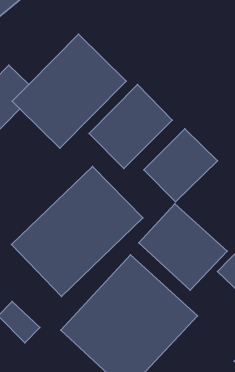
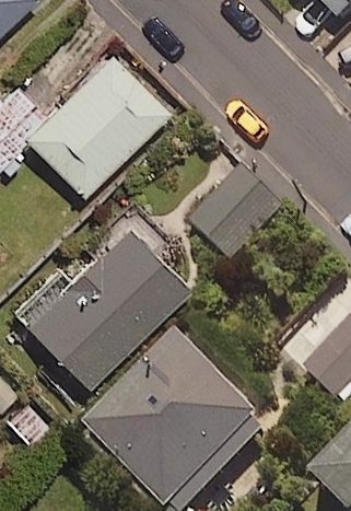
building: [89,84,172,168] -> none
building: [139,204,227,290] -> none

